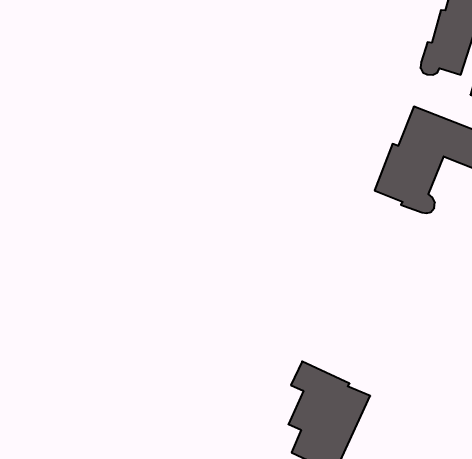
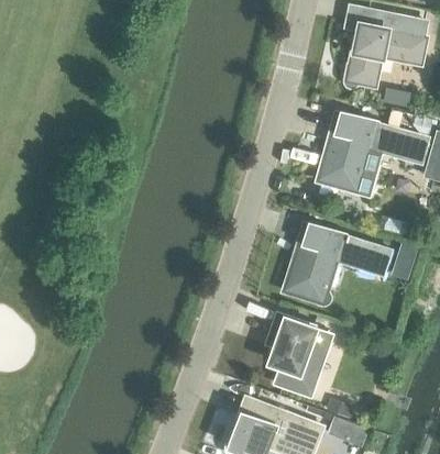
building: none -> [284,224,391,304]

